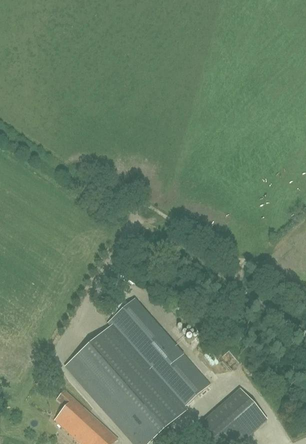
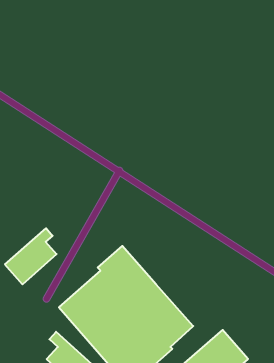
building: none -> [5,228,57,284]

